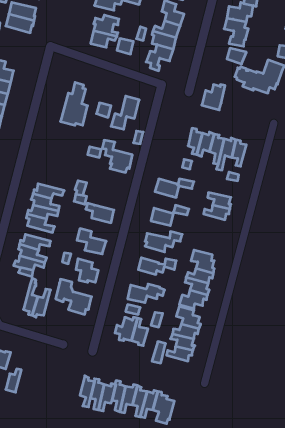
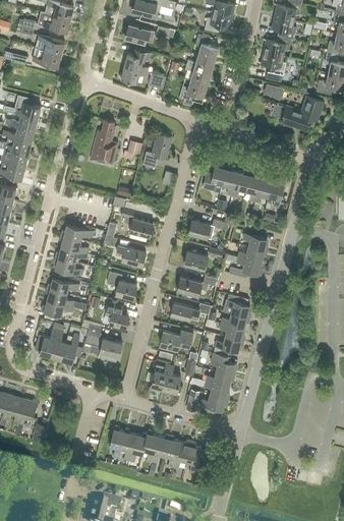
building: [202,85,225,110] -> [203,166,227,192]
building: [102,140,132,172] -> [121,208,153,241]
building: none -> [230,256,262,278]
building: none -> [35,329,58,358]

